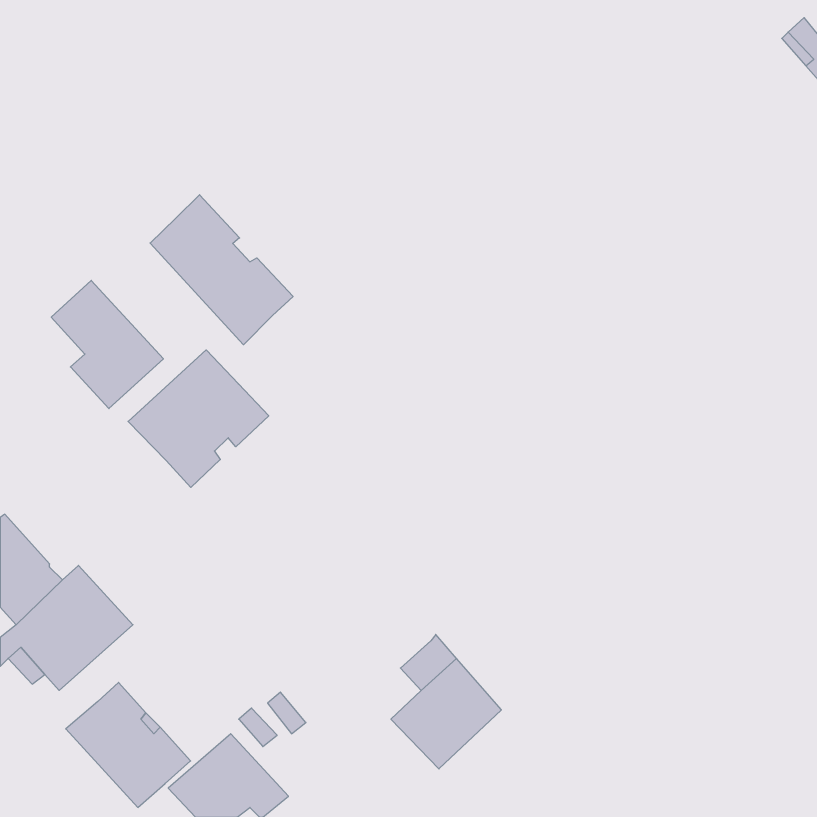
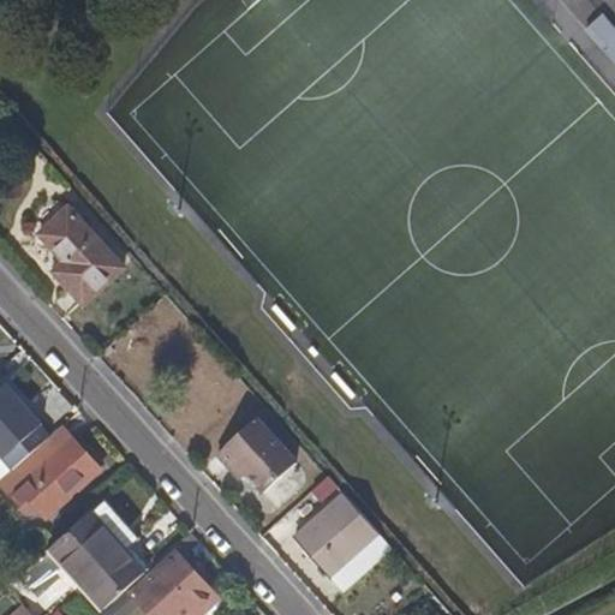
building: [150,195,293,345] -> none
building: [128,350,269,487] -> none
building: none -> [216,420,294,492]

